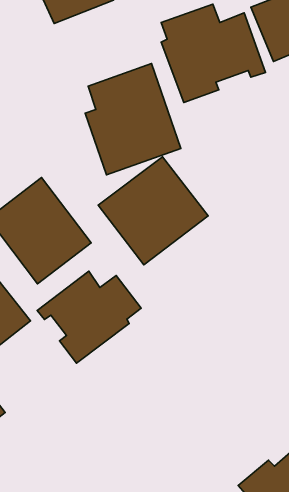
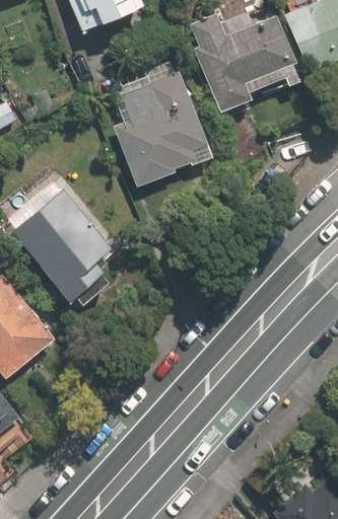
building: [98,157,208,265] -> none
building: [37,271,141,363] -> none

